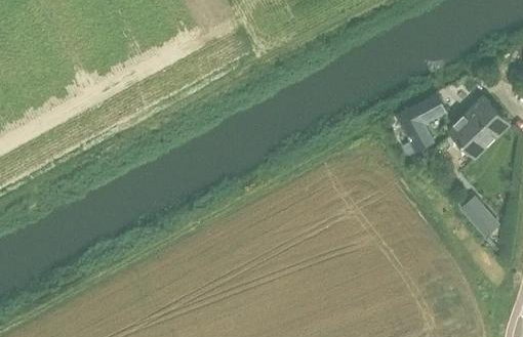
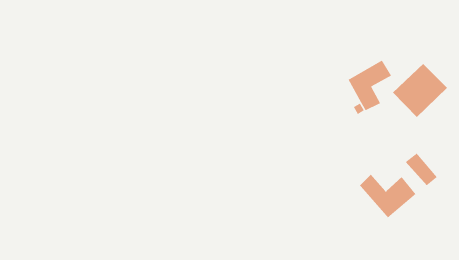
building: none -> [359,174,416,219]

